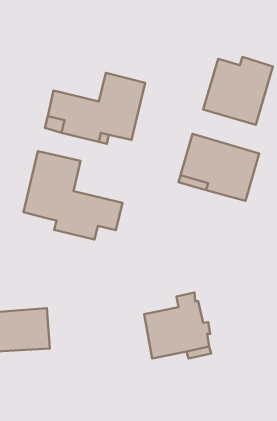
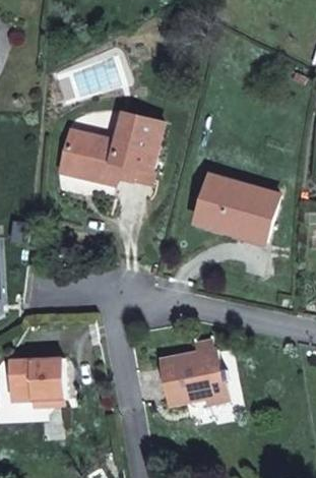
building: [203,57,273,125] -> none
building: [24,151,123,239] -> none

